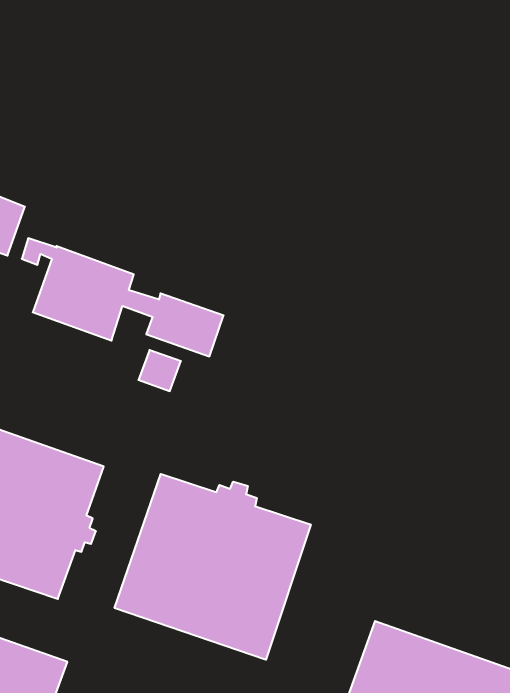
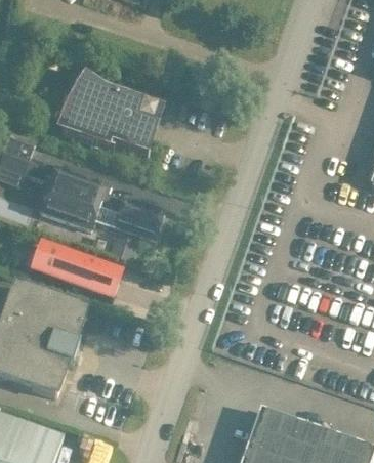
building: none -> [60,70,158,153]
building: none -> [30,240,122,297]
building: [115,474,311,660] -> none

